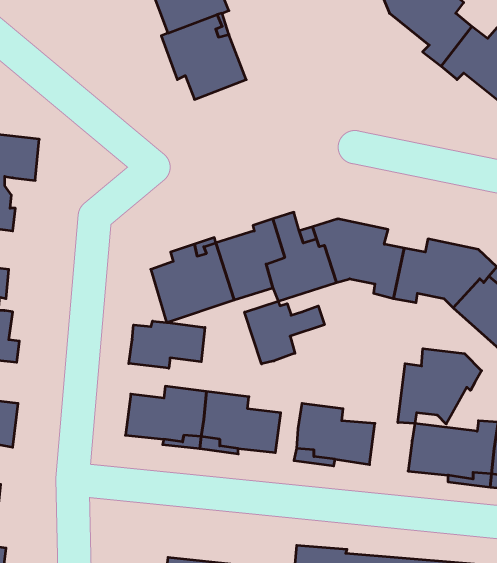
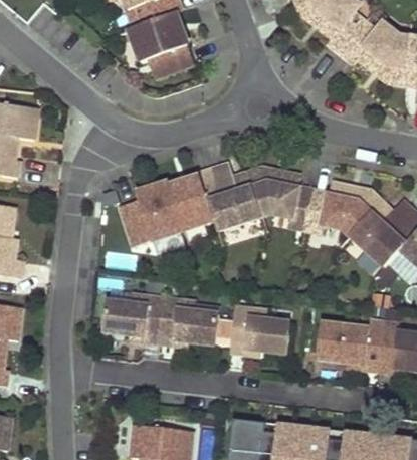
building: [245,301,324,364] -> none
building: [129,321,205,368] -> none
building: [398,349,482,424] -> none

